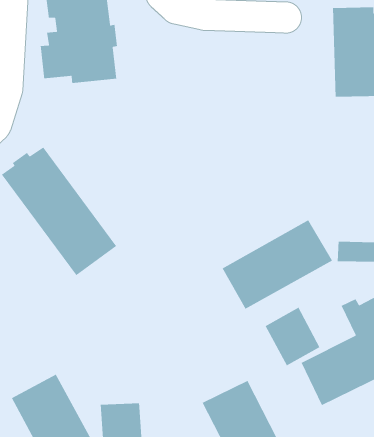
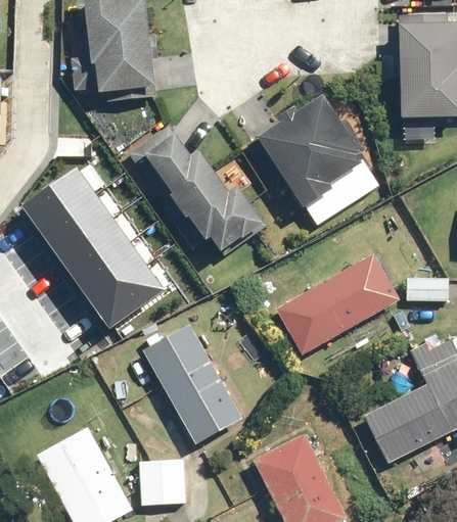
building: none -> [246,92,364,205]
building: none -> [129,126,267,254]
building: none -> [143,324,243,444]
building: [265,307,321,367] -> none

